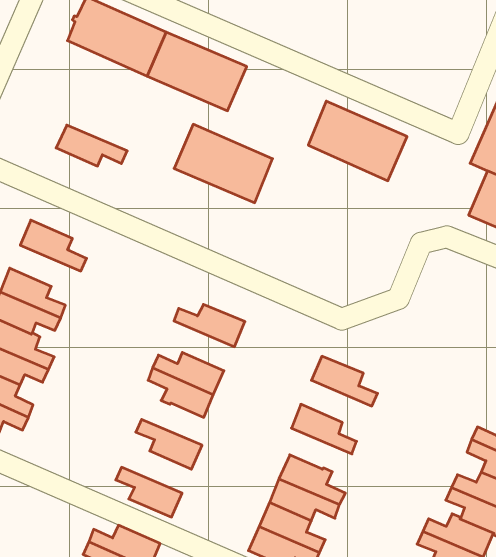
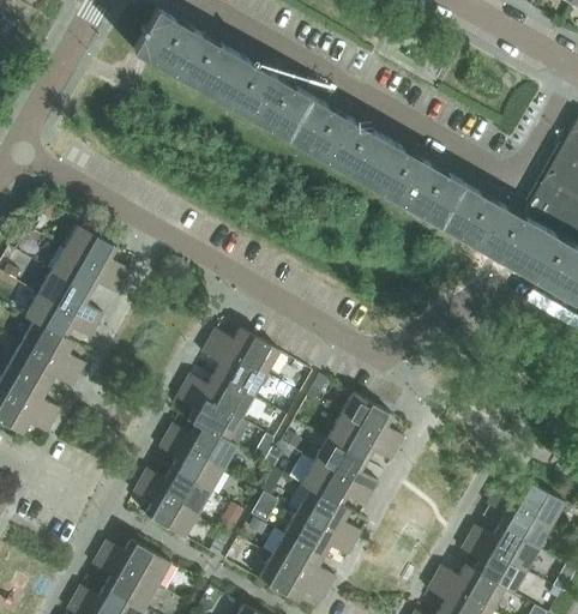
building: [174,124,273,203] -> [284,96,384,181]
building: [56,125,127,166] -> [49,249,120,294]
building: none -> [436,183,537,269]
building: none -> [200,342,265,397]
building: none -> [325,416,396,462]
building: none -> [164,423,235,469]
building: none -> [300,462,371,506]
building: none -> [139,469,209,514]

